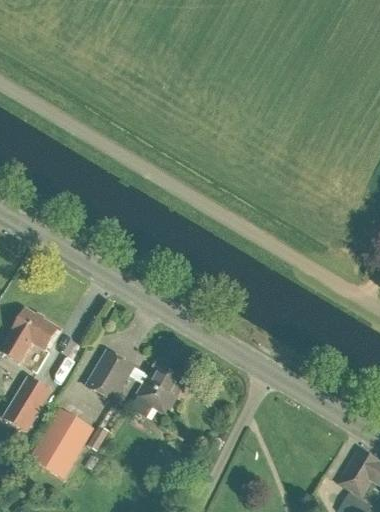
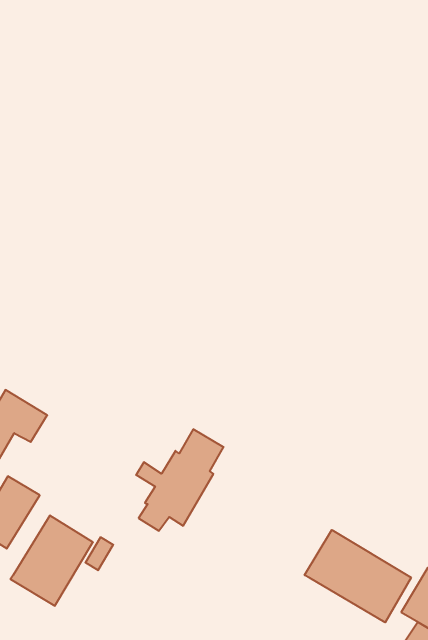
building: [87,349,134,400] -> none
building: none -> [305,530,411,622]

